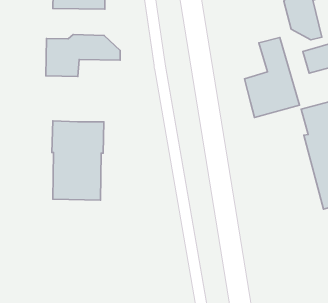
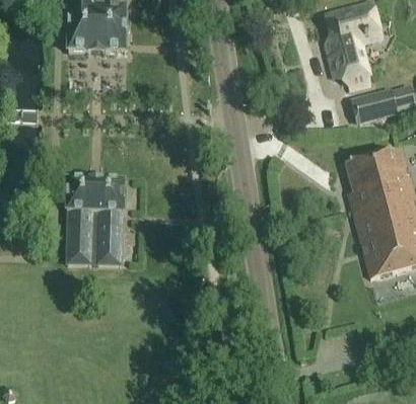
building: [46,35,120,77] -> none
building: [244,37,299,118] -> none

